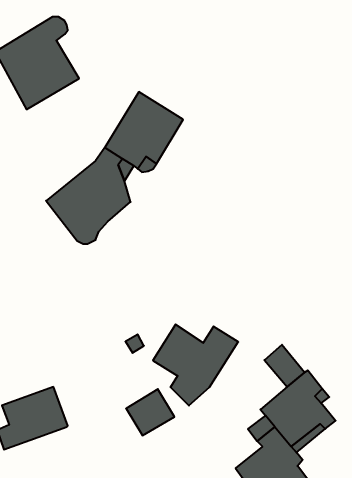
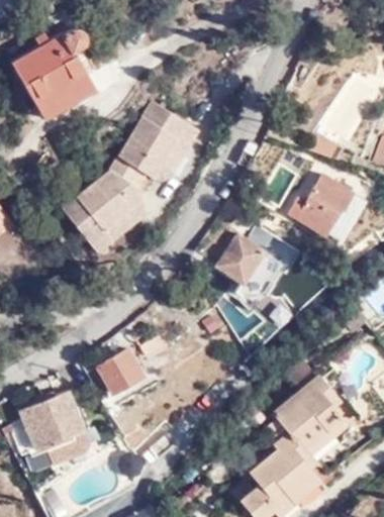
building: none -> [288,175,353,235]
building: [153,324,238,406] -> [210,230,294,310]
building: [126,389,174,435] -> [97,348,145,394]
building: none -> [47,431,89,462]

